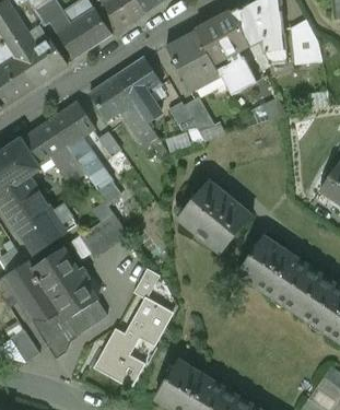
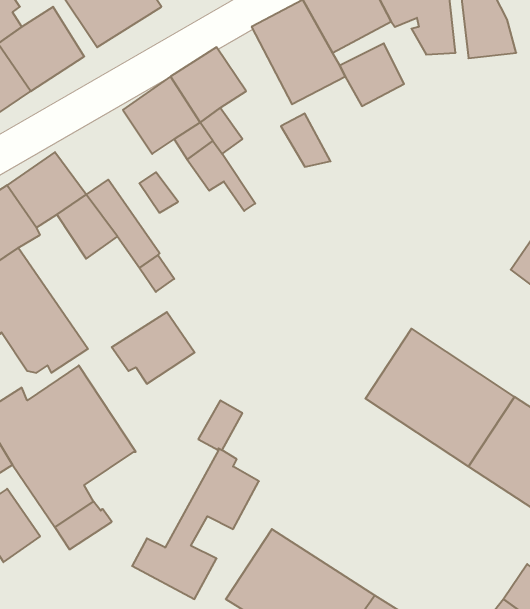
building: [48,104,93,147] -> none
building: [175,171,248,244] -> none
building: [66,300,105,335] -> none

